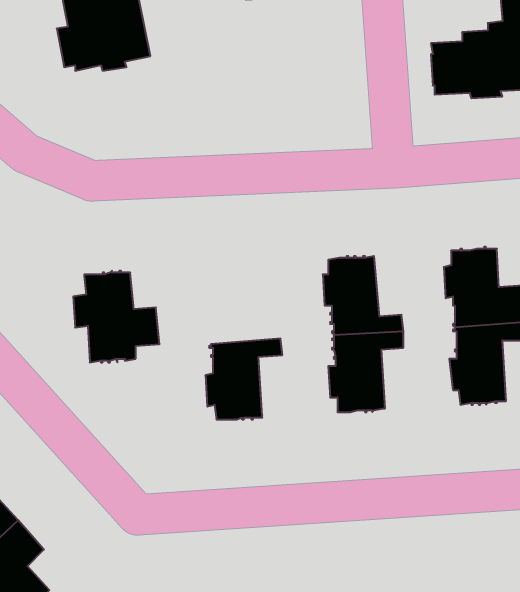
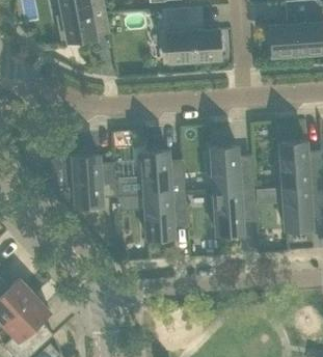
building: none -> [164,7,224,62]
building: none -> [116,150,185,198]

